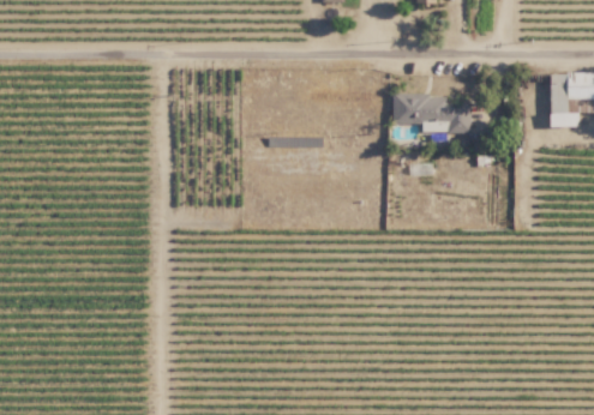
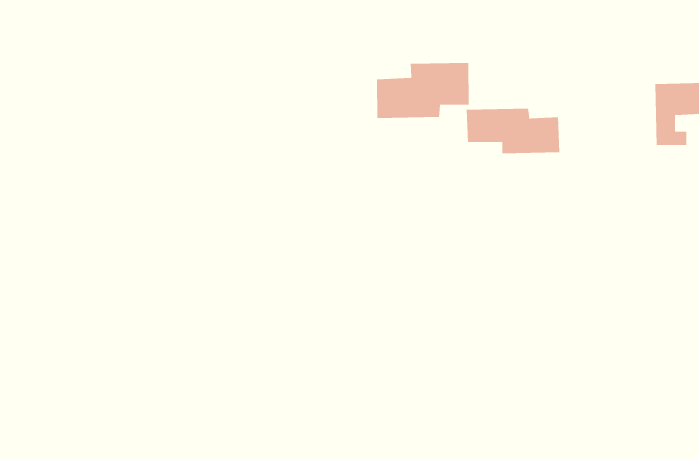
building: none -> [377,62,469,119]

